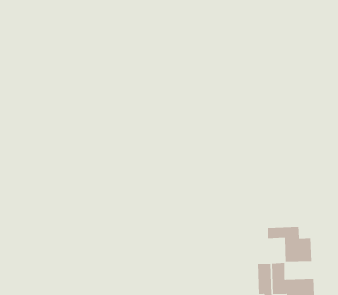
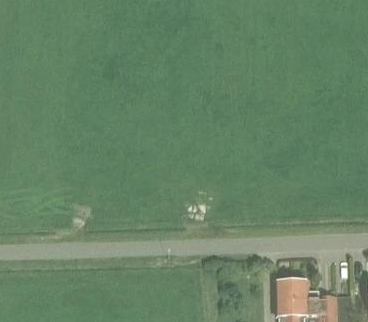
building: [268,226,312,263] -> none

